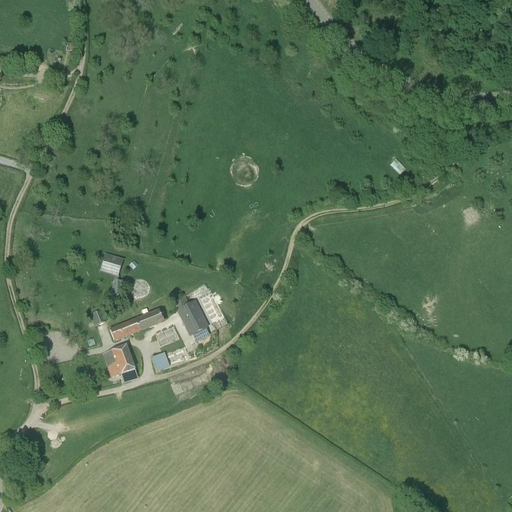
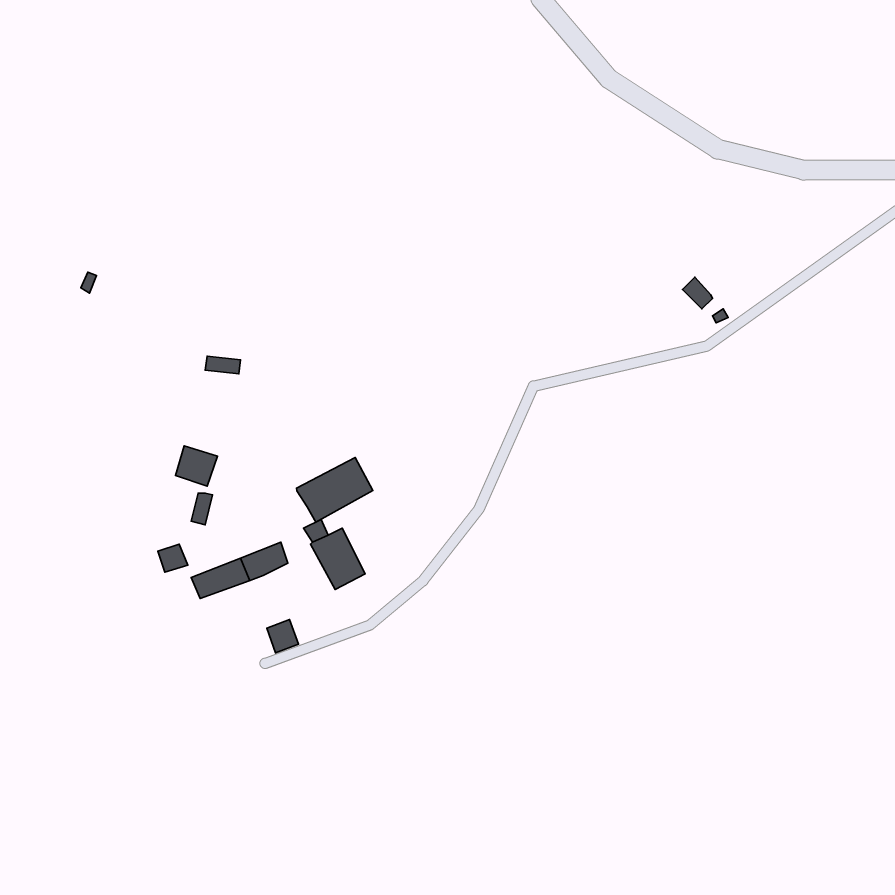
building: none -> [297,458,373,522]
building: [104,347,134,377] -> none

